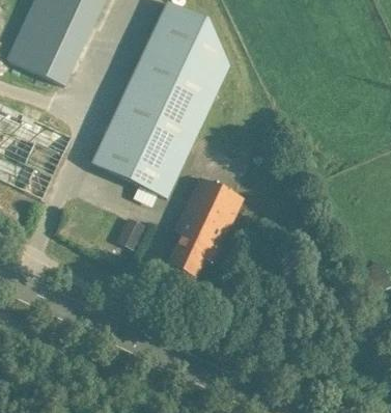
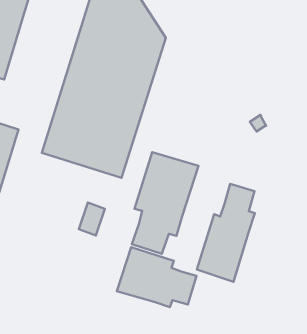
building: none -> [197,184,255,282]
building: none -> [117,247,196,307]

